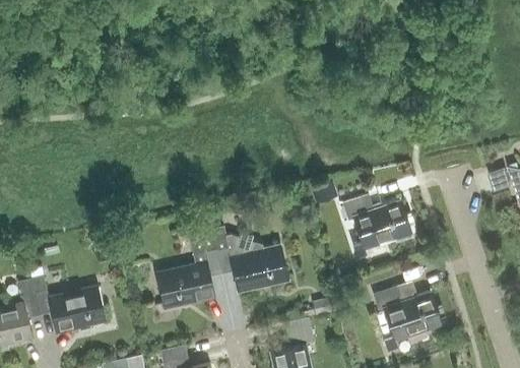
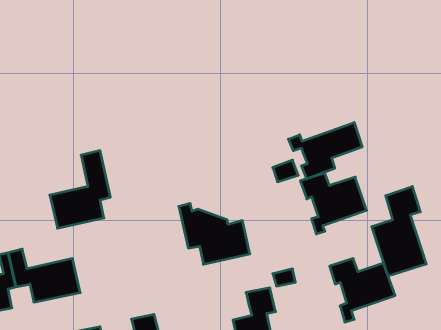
building: none -> [288,122,362,179]
building: none -> [372,186,426,276]
building: [156,225,221,308] -> [50,151,110,228]

